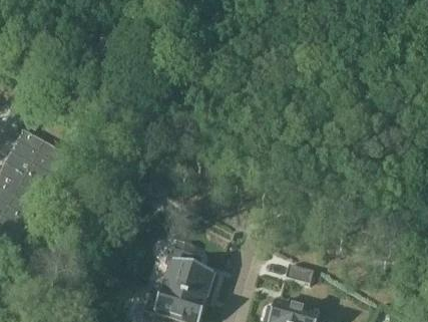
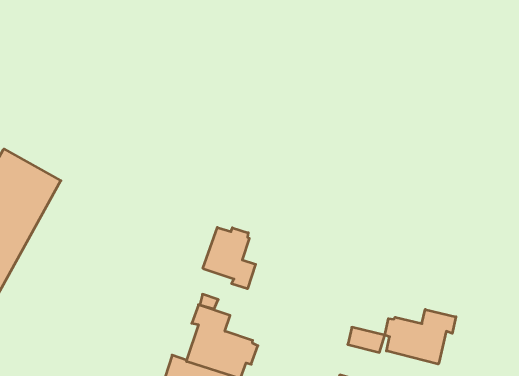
building: none -> [203,227,256,289]
building: none -> [385,309,456,364]

